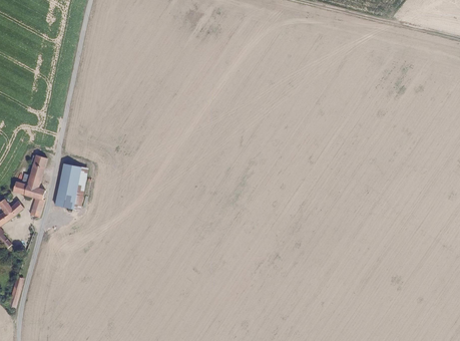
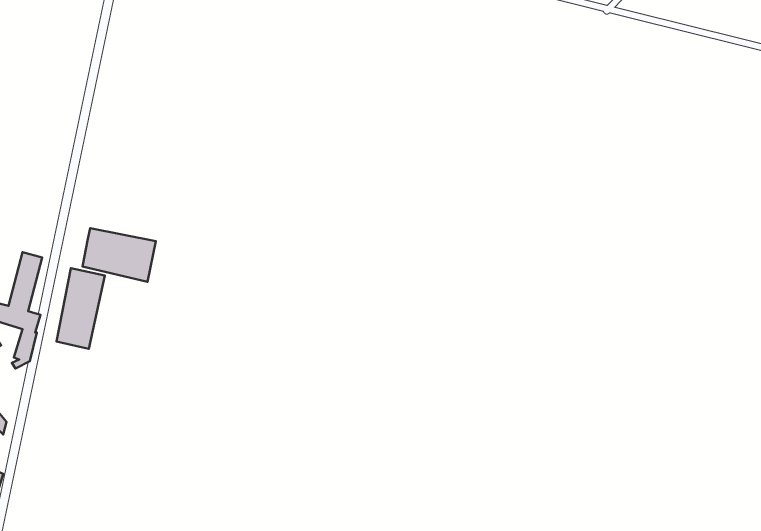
building: none -> [83,228,156,282]

